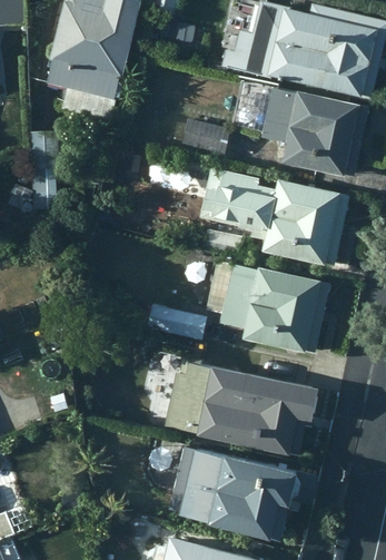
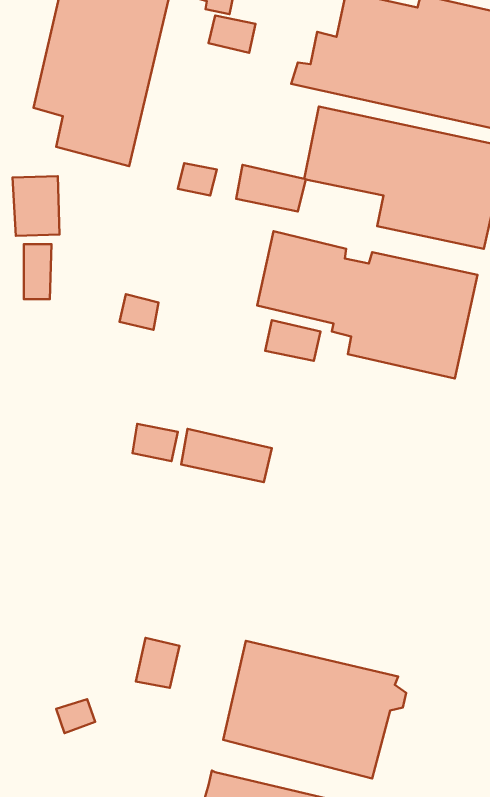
building: [207,258,329,354] -> none
building: [165,353,316,454] -> none

